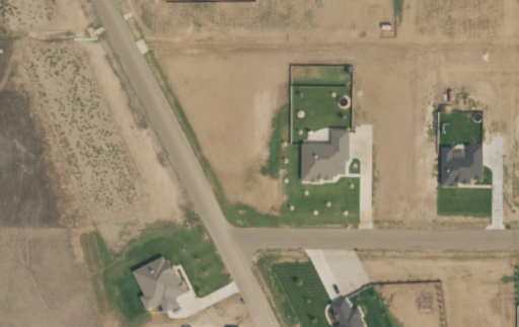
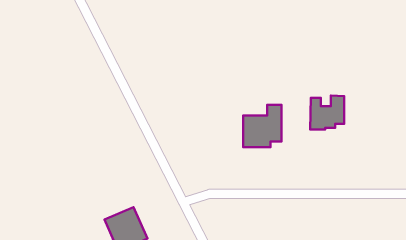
building: [440,145,481,186] -> [310,95,344,130]

